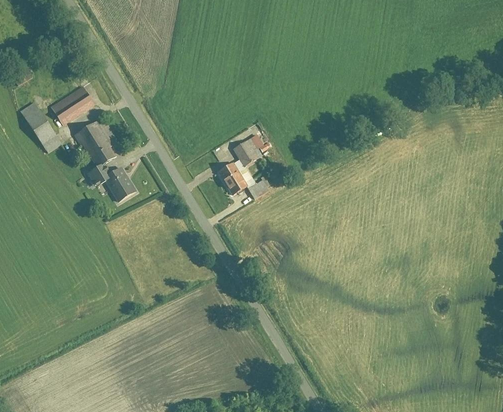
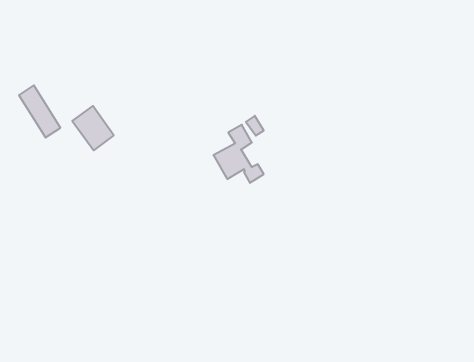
building: [50,85,94,124] -> none
building: [90,163,138,204] -> none

